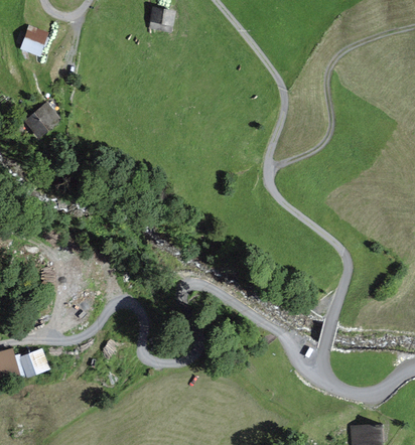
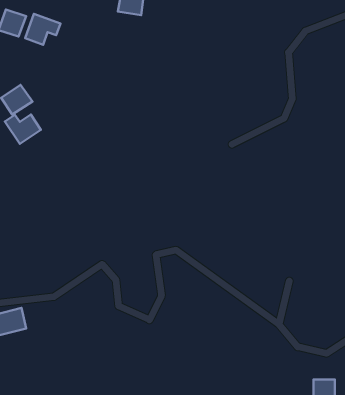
building: none -> [25,14,60,45]
building: none -> [5,115,41,144]

